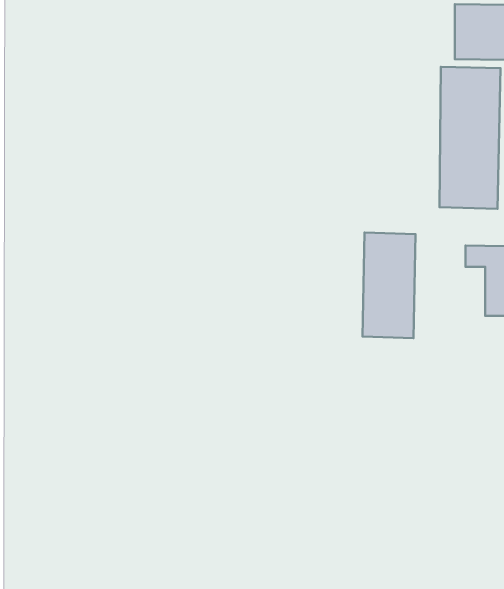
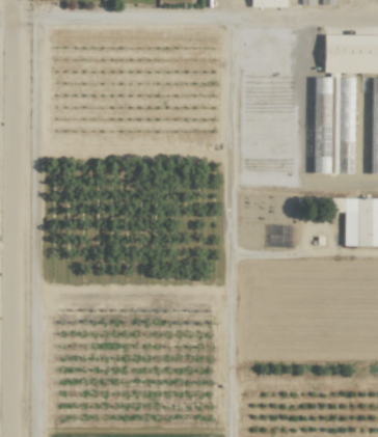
building: [362,232,415,338] -> none

